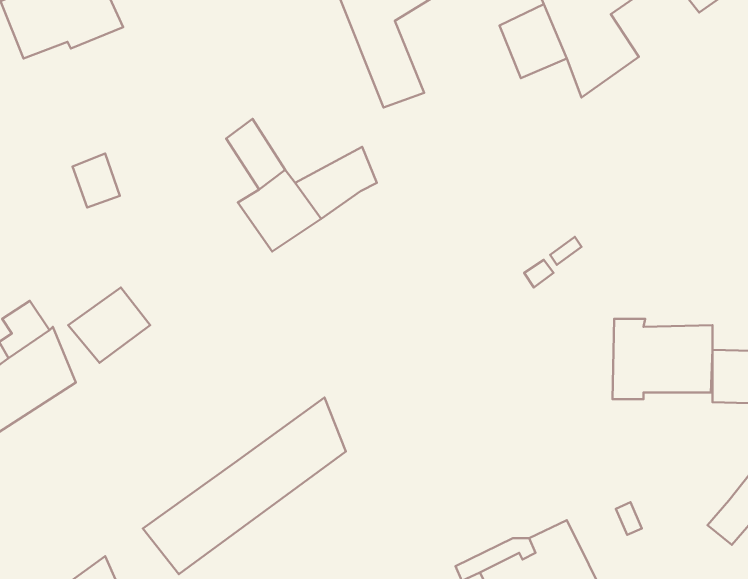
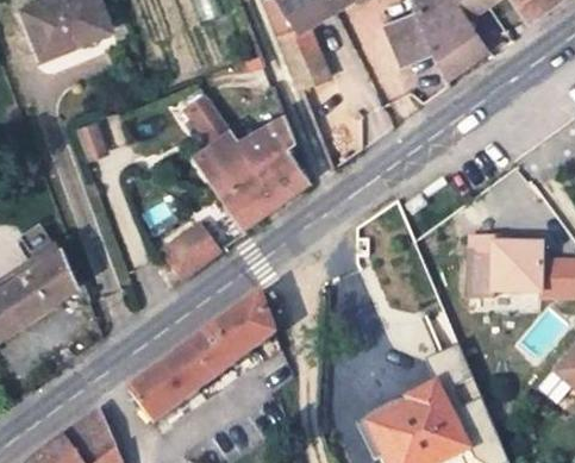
building: none -> [220,145,310,225]
building: [68,287,150,363] -> [161,225,220,280]

